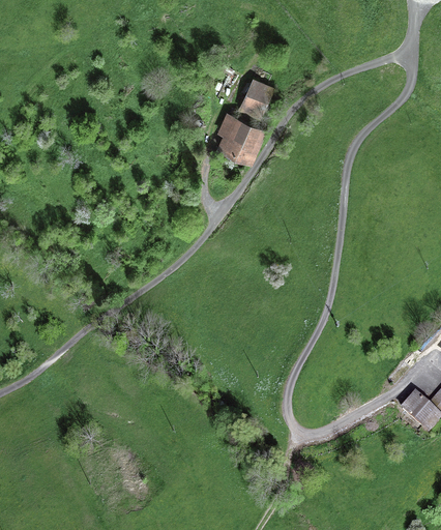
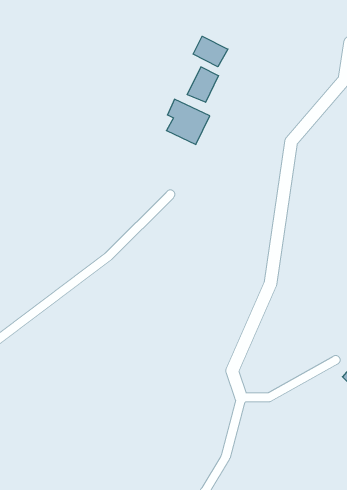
building: none -> [193,36,228,67]

